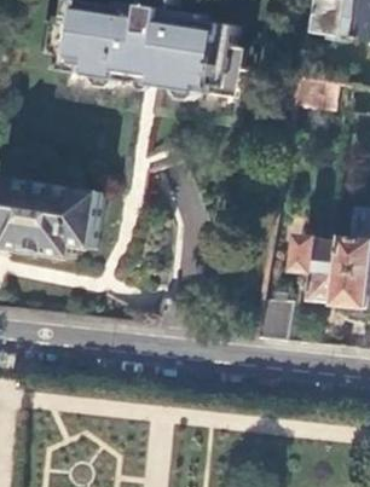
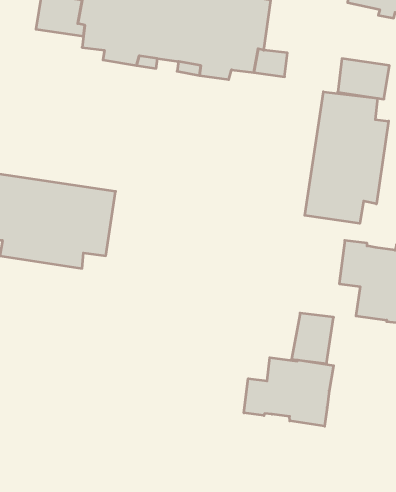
building: none -> [305,92,389,223]
building: none -> [244,358,334,426]

